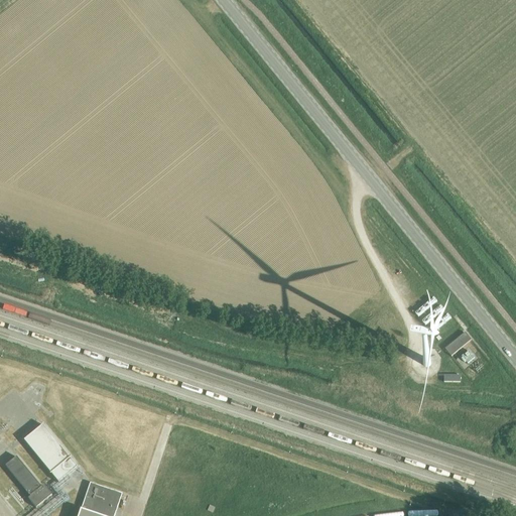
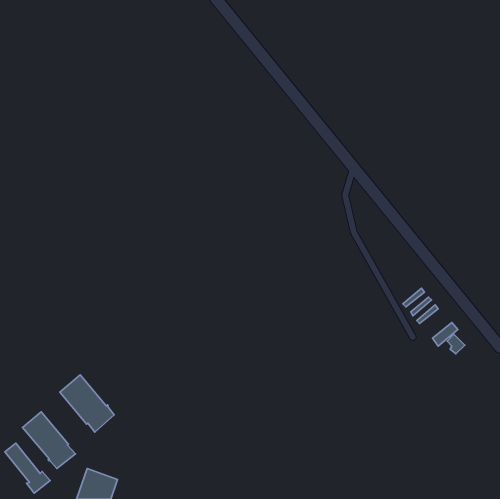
building: none -> [60,375,114,432]

